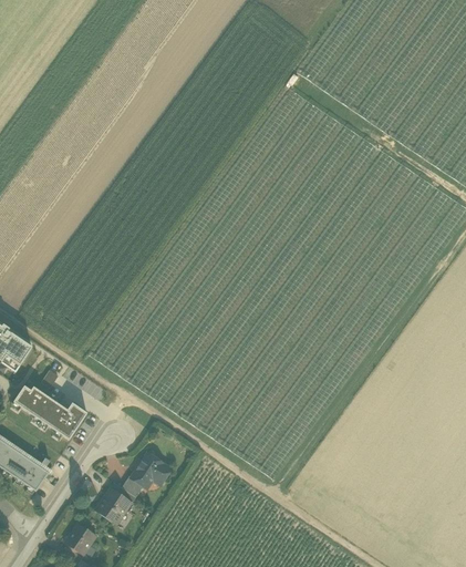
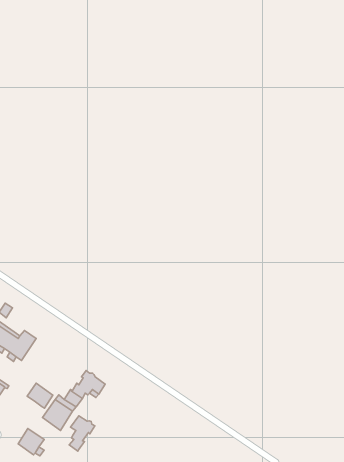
building: none -> [27,383,53,408]
building: none -> [69,416,95,451]

